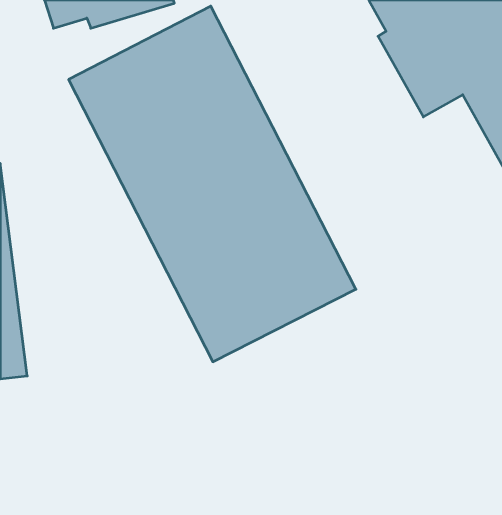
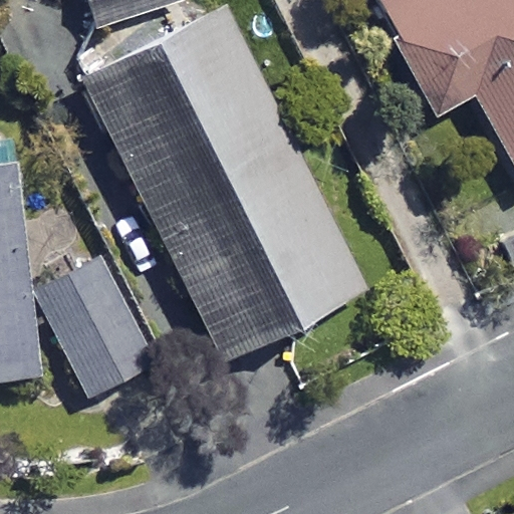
building: none -> [38,258,152,397]

